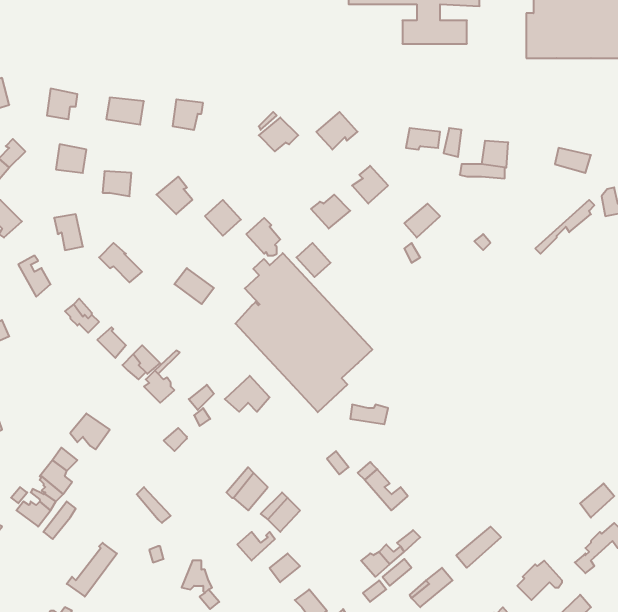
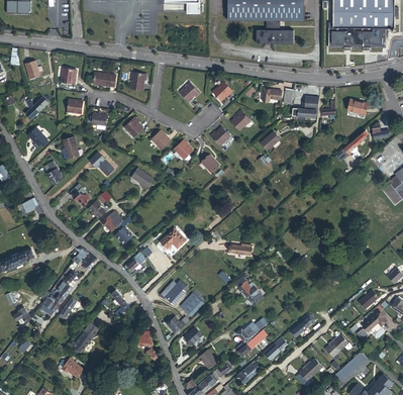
building: [235,253,372,412] -> none

